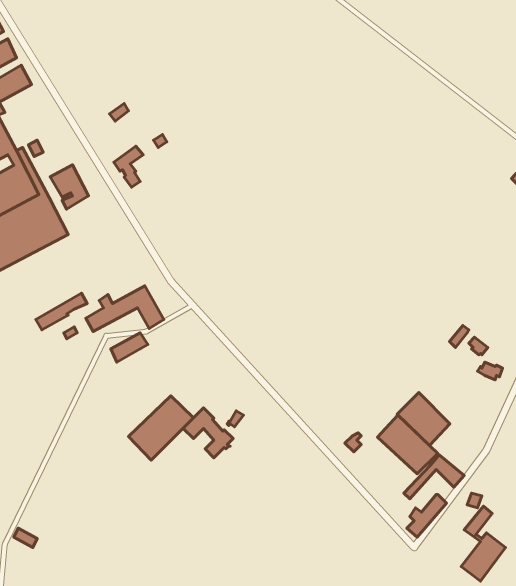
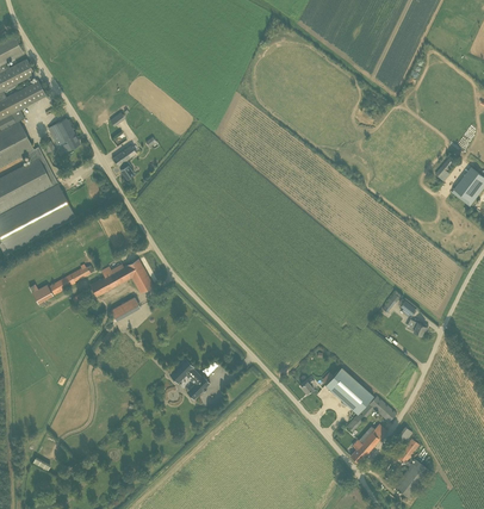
building: [50,165,89,209] -> [48,118,79,154]
building: [397,392,450,445] -> none
building: [128,396,194,460] -> none

